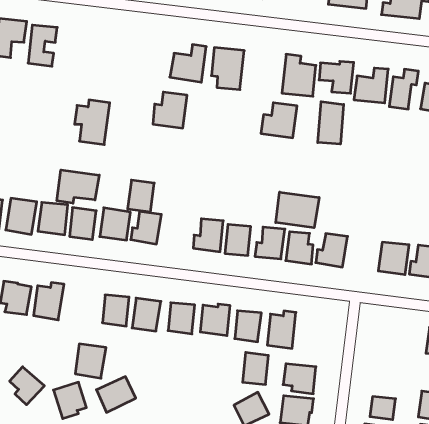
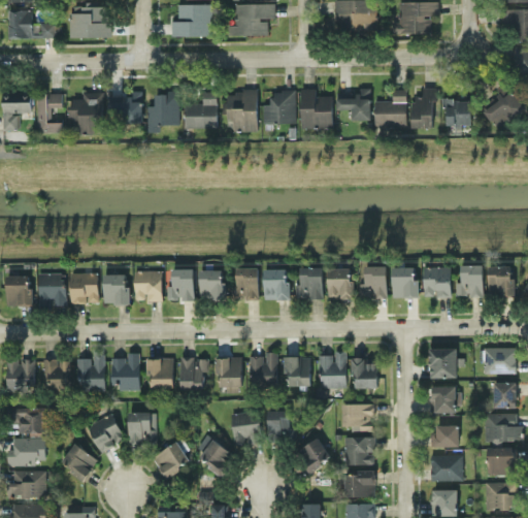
building: none -> [109,92,142,124]
building: [153,92,187,128] -> [147,93,179,127]
building: [75,100,110,145] -> [71,92,104,135]
building: [318,102,344,144] -> none
building: [261,103,297,138] -> [263,91,296,124]
building: [57,170,99,203] -> none
building: [128,180,154,212] -> [200,270,224,300]
building: [276,192,319,228] -> none
building: none -> [392,267,417,298]
building: none -> [111,353,140,390]
building: none -> [353,358,378,388]
building: none -> [429,348,457,379]
building: [243,352,268,384] -> [267,411,292,442]
building: none -> [232,412,261,445]
building: none -> [430,386,459,413]
building: none -> [198,439,235,476]
building: [53,382,86,419] -> [88,414,124,453]

